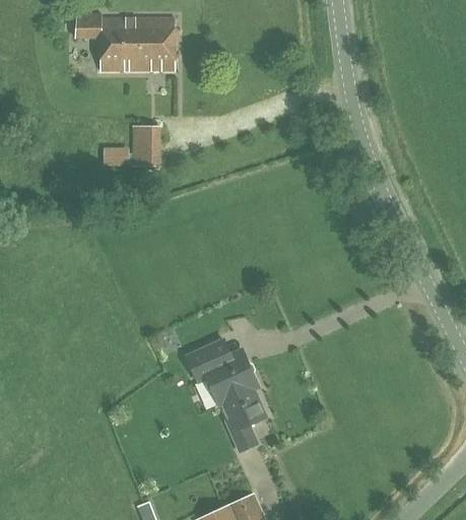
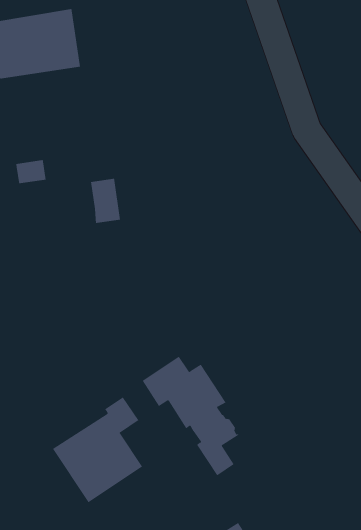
building: [135,127,158,165] -> [90,178,121,224]
building: none -> [52,396,143,503]

